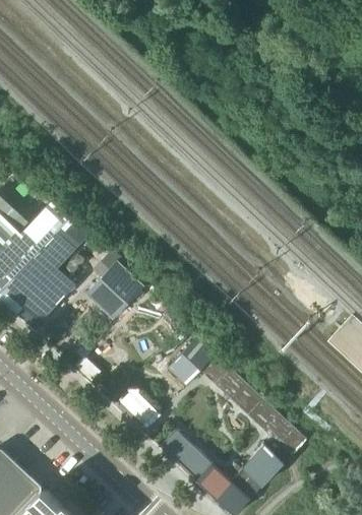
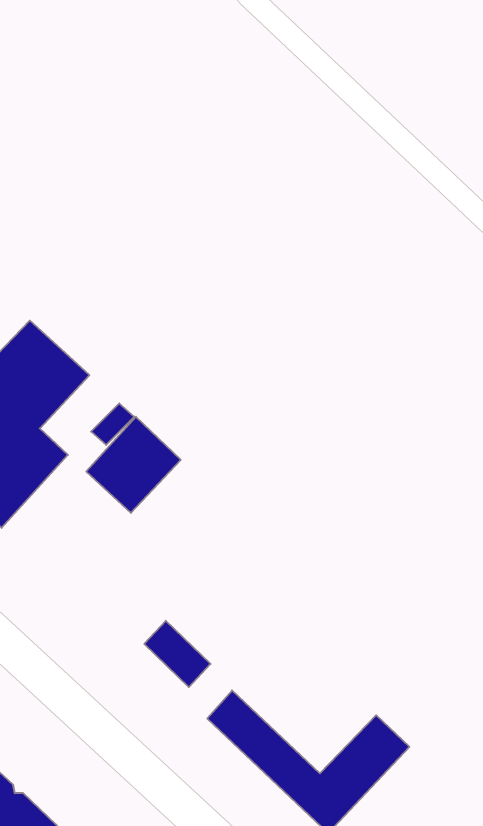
building: [165,338,311,458] -> none

